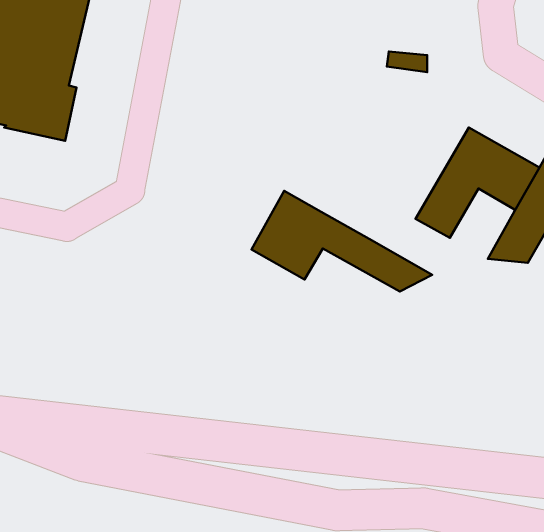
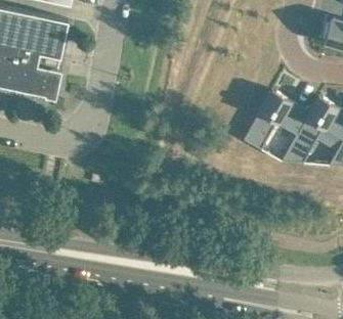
building: [251,191,432,291] -> none

